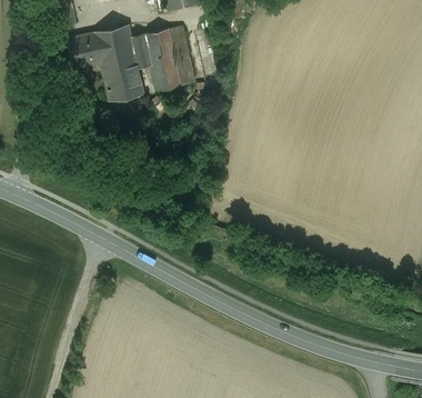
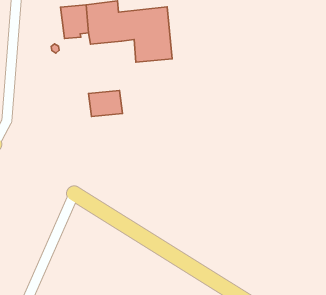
building: [104,69,143,100] -> [89,91,122,117]

